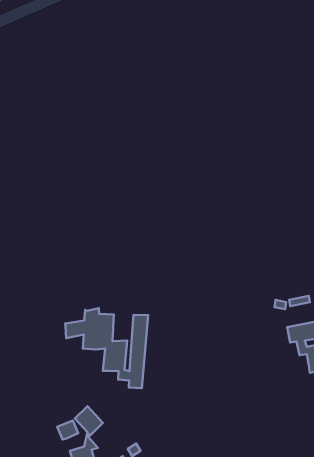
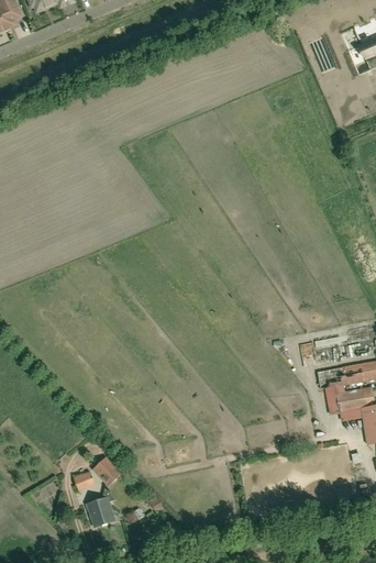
building: [65,308,148,388] -> none

